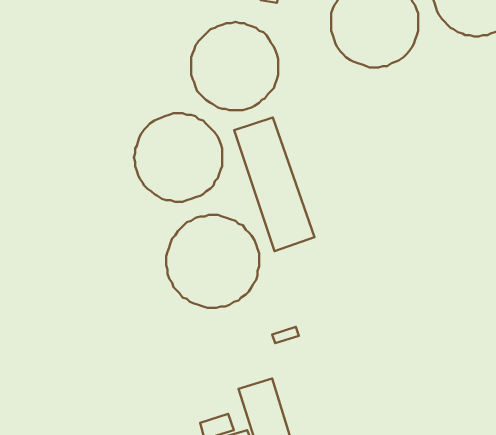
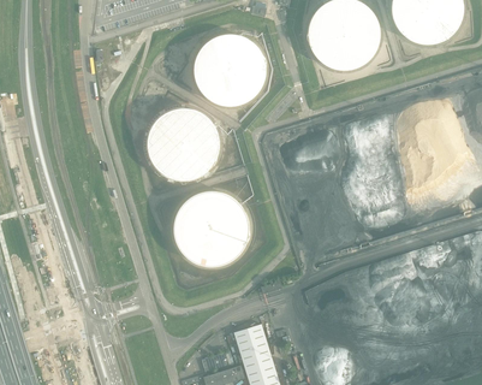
building: [234,117,314,251] -> none

